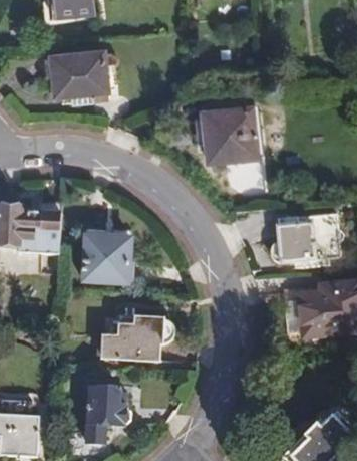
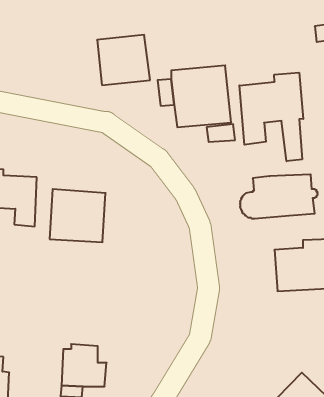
building: [55,48,109,99] -> [97,35,150,85]
building: none -> [239,73,303,161]
building: [102,316,172,360] -> none

